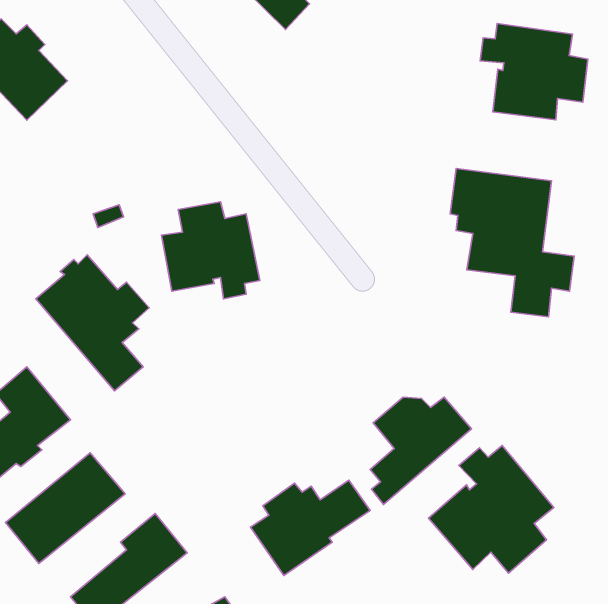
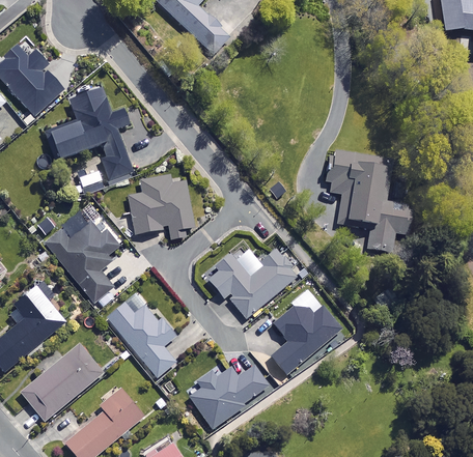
building: [480,24,588,120] -> none
building: none -> [48,89,132,181]
building: none -> [204,249,297,318]
building: none -> [105,302,176,377]
building: [429,446,554,573] -> none

